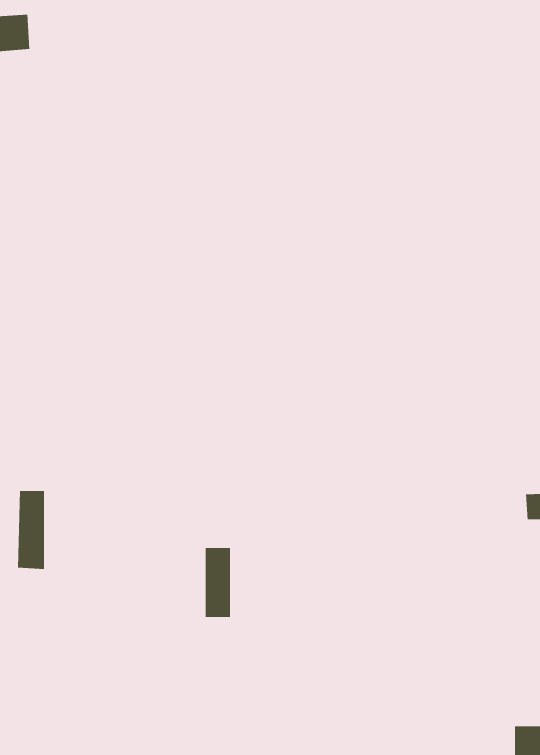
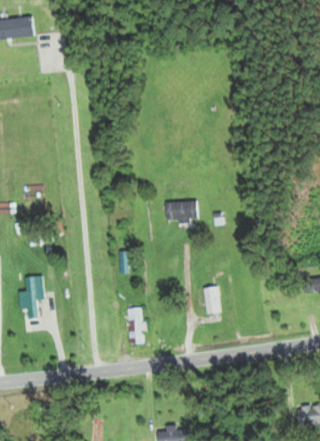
building: none -> [166,201,197,220]
building: none -> [204,286,221,314]

